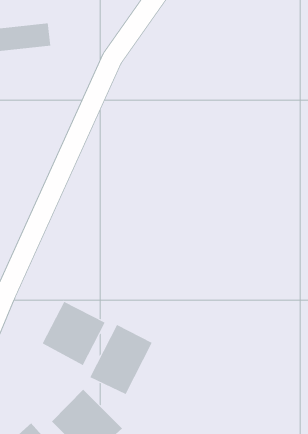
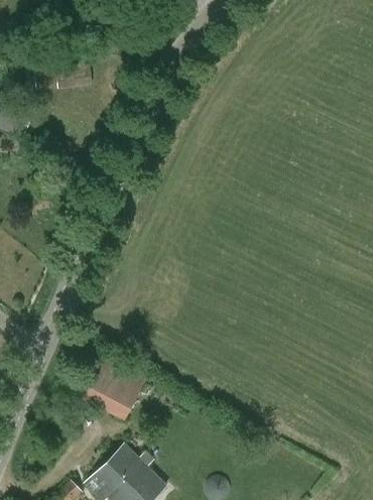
building: [89,324,152,395] -> none

